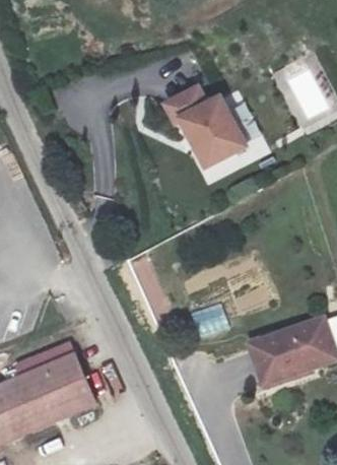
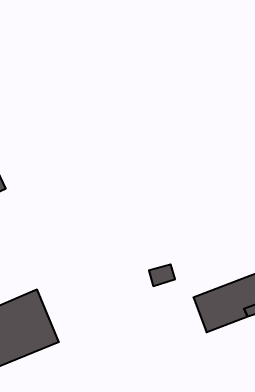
building: [175,81,250,161] -> none

